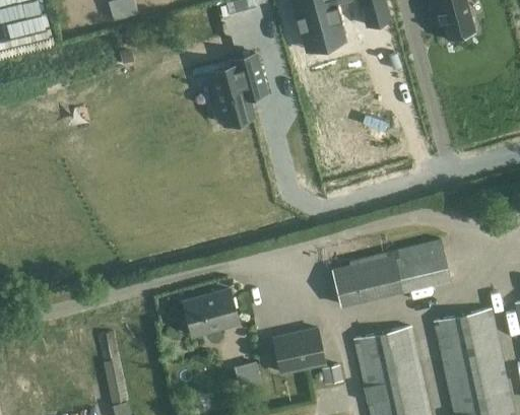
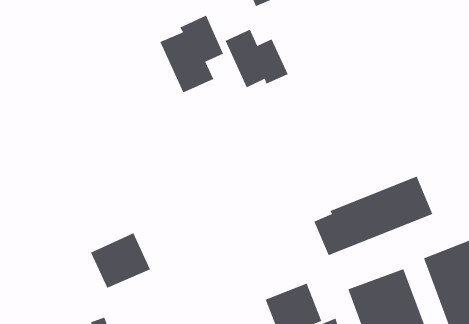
building: none -> [225,29,288,88]
building: [184,290,241,341] -> [90,233,151,289]

